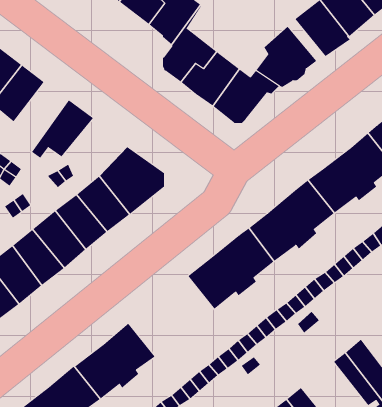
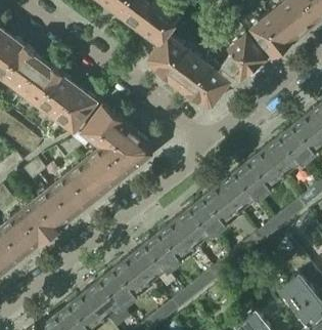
building: none -> [36,76,78,129]
building: none -> [83,108,123,148]
building: none -> [124,224,189,286]

